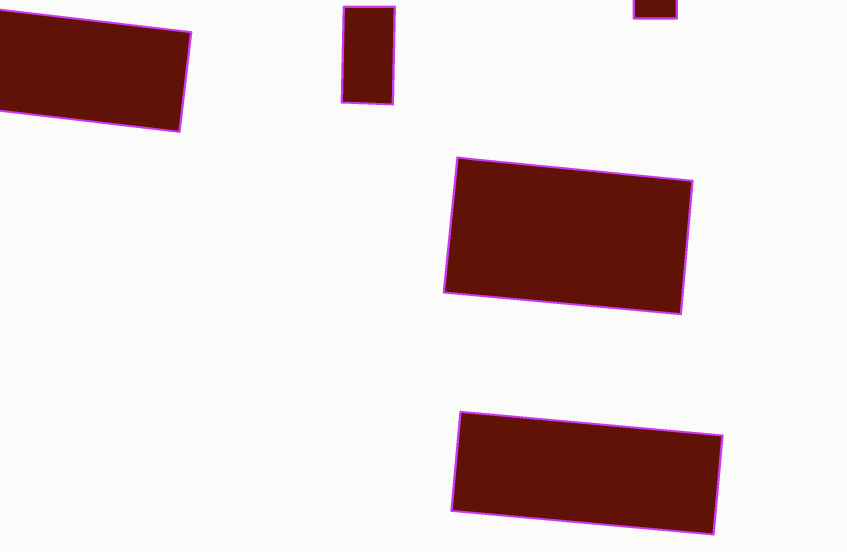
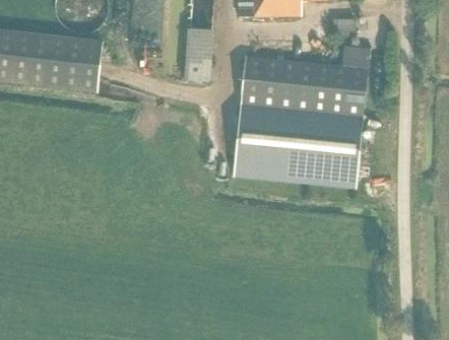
building: none -> [240,46,370,119]
building: [451,412,723,535] -> none

